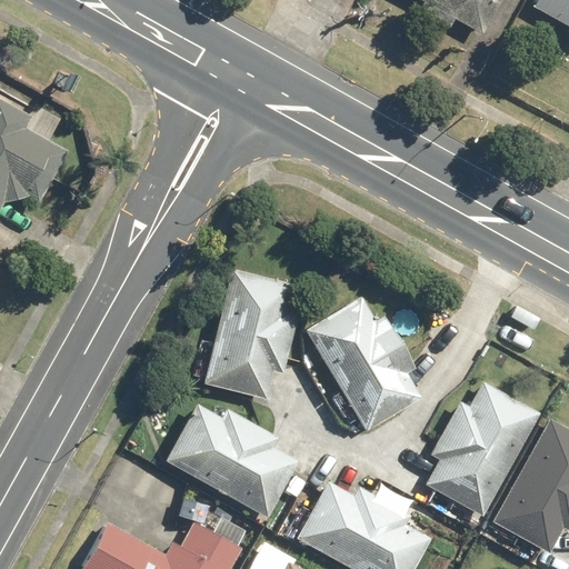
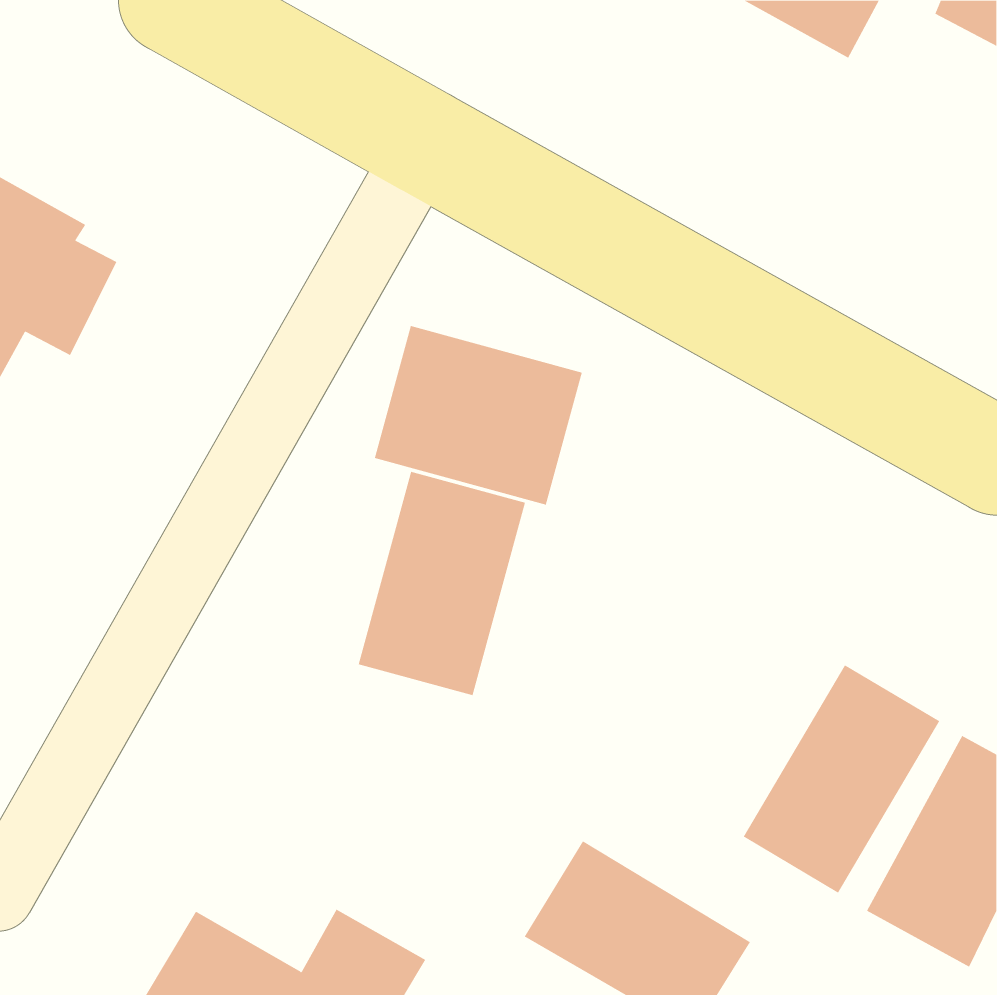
building: none -> [374,325,582,505]
building: [309,299,422,432] -> none
building: [162,397,299,518] -> none

